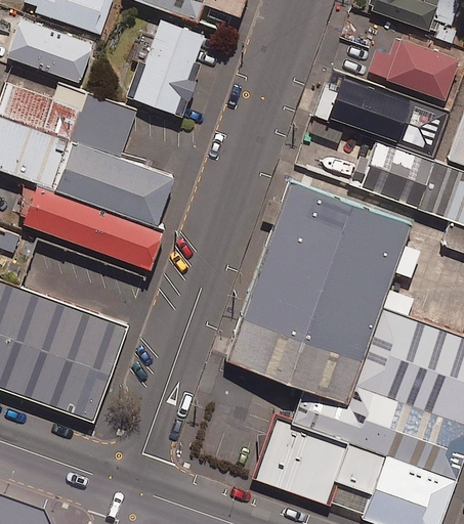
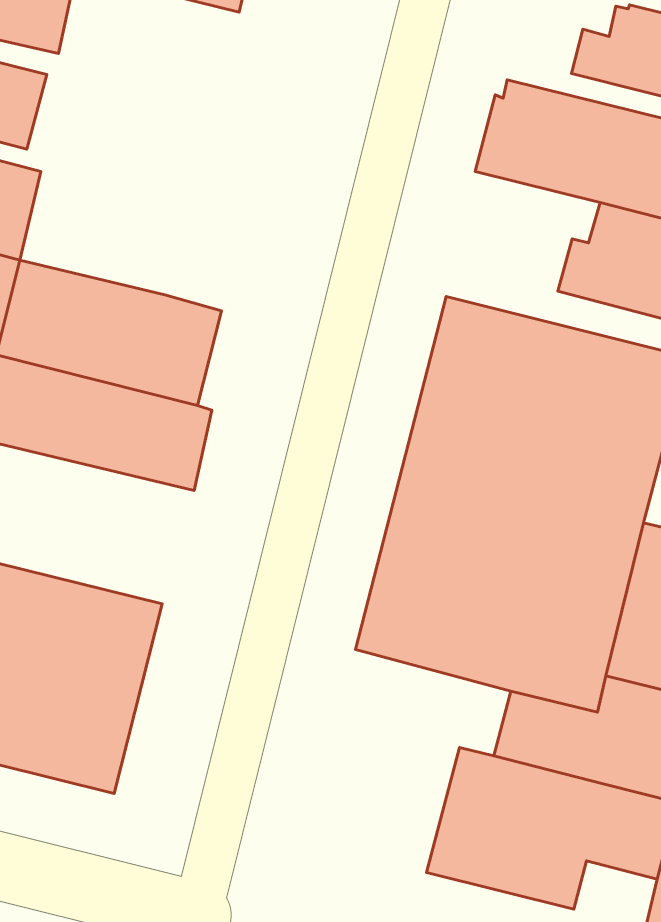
building: [126,18,204,116] -> none
building: [71,94,145,165] -> none

